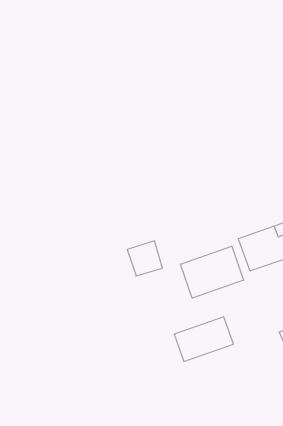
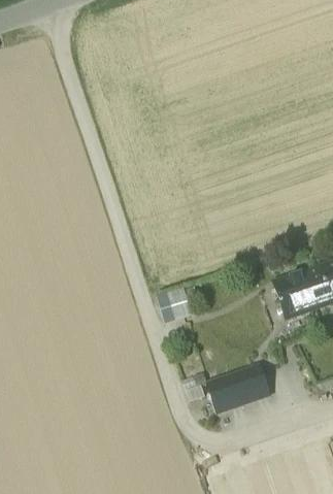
building: [180,246,244,298] -> none

